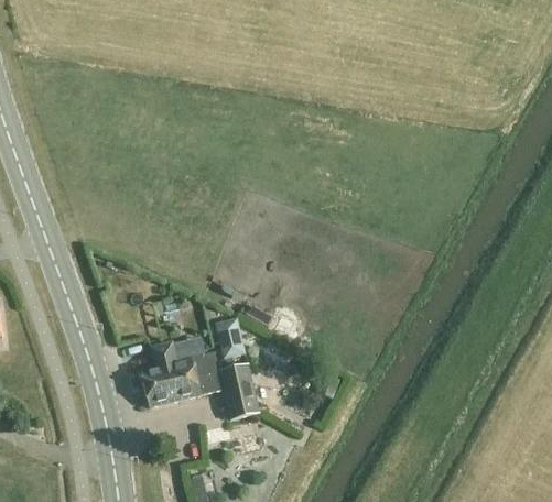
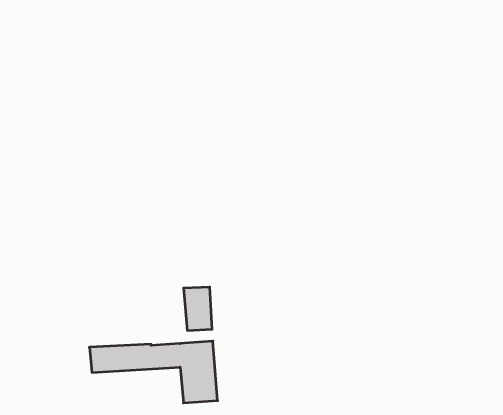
building: [141,339,220,383] -> none

